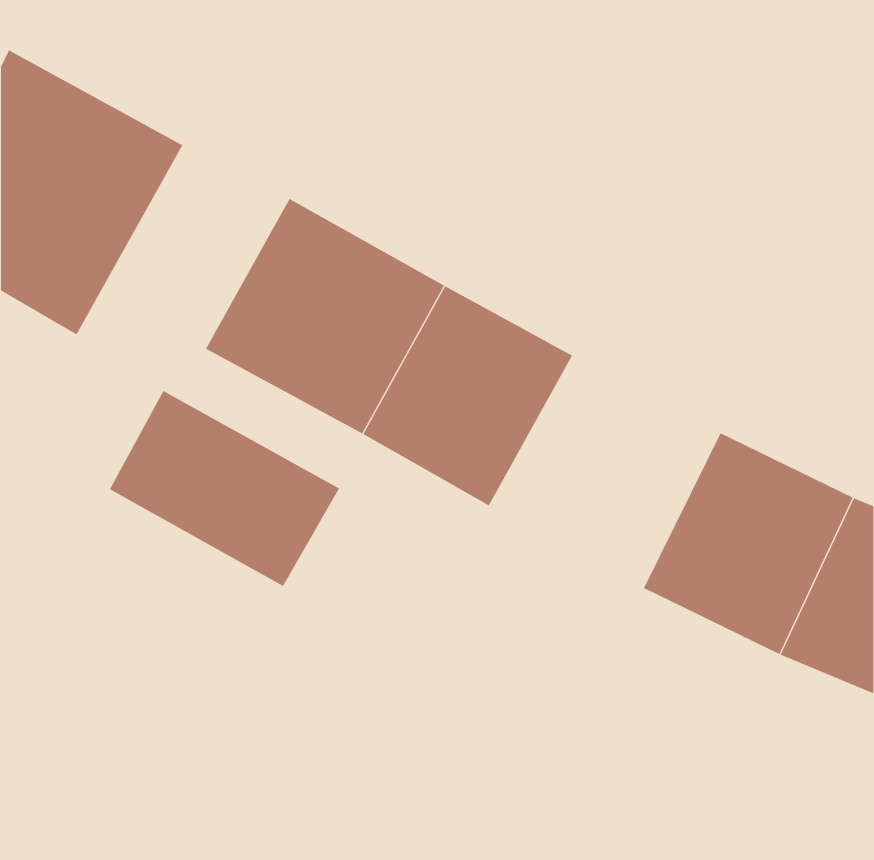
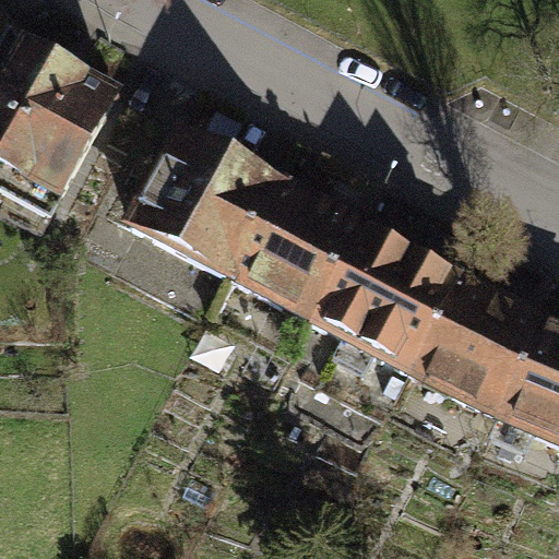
building: none -> [312,227,460,376]
building: [109,390,340,587] -> none

